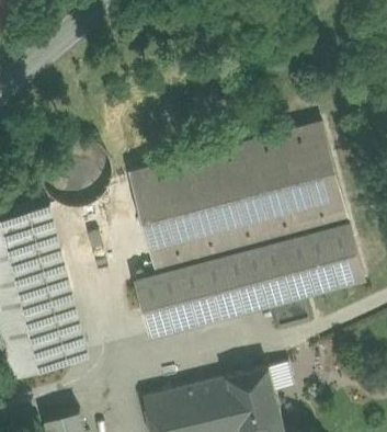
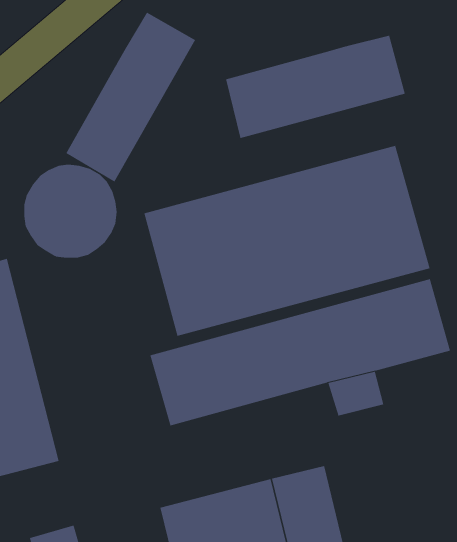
building: none -> [66,12,196,183]
building: none -> [225,35,405,139]
building: [26,203,87,361] -> none

